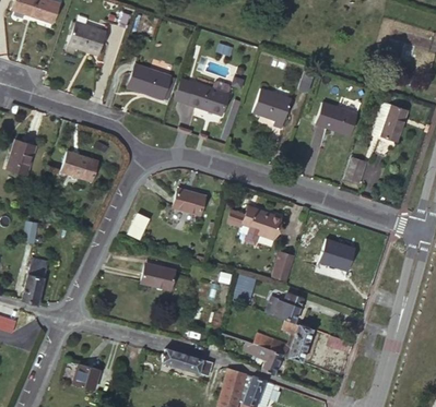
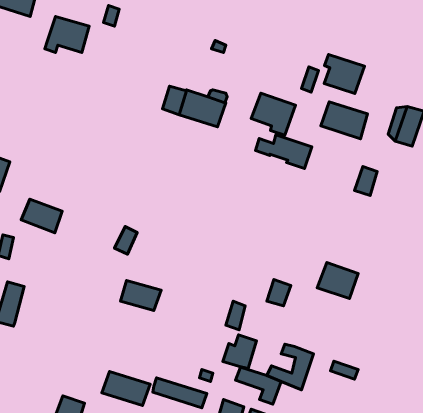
building: none -> [324,54,364,93]
building: [128,67,170,100] -> none
building: [59,153,96,183] -> [21,199,62,233]
building: [165,192,198,218] -> none
building: [226,213,278,243] -> [255,135,312,169]
building: [270,289,301,320] -> [223,335,256,369]
building: none -> [102,372,150,405]

